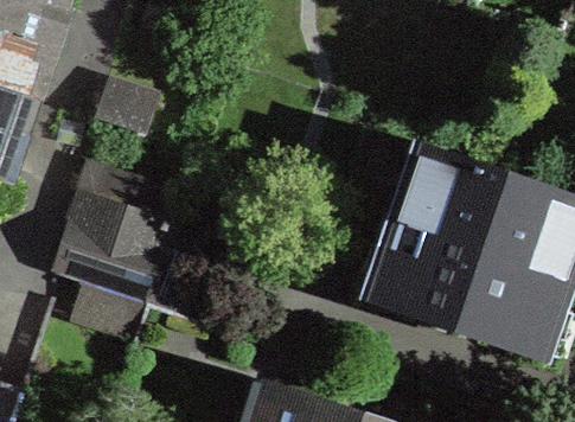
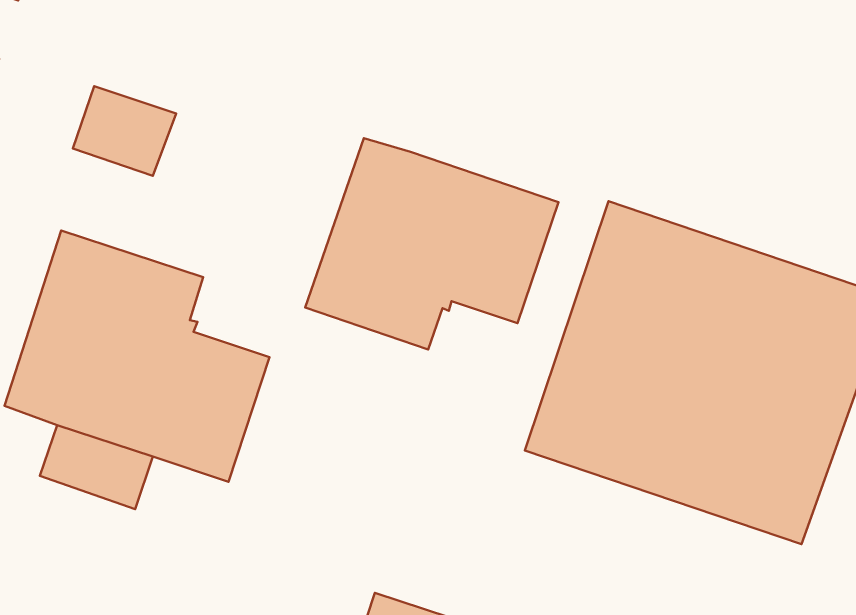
building: none -> [305,138,559,349]

